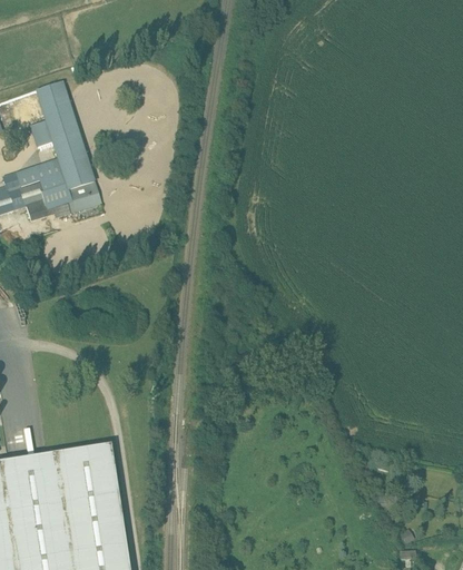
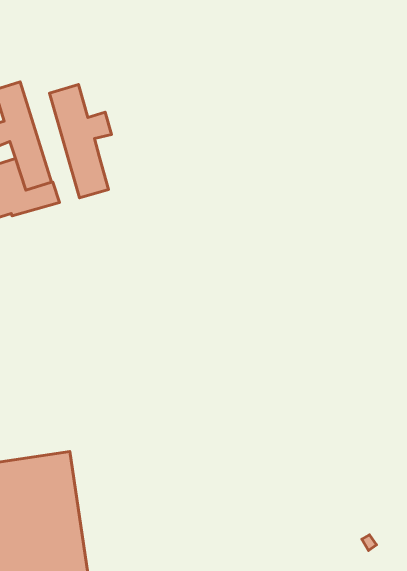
building: none -> [49,84,112,198]

